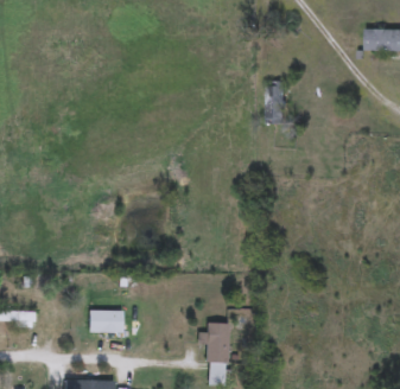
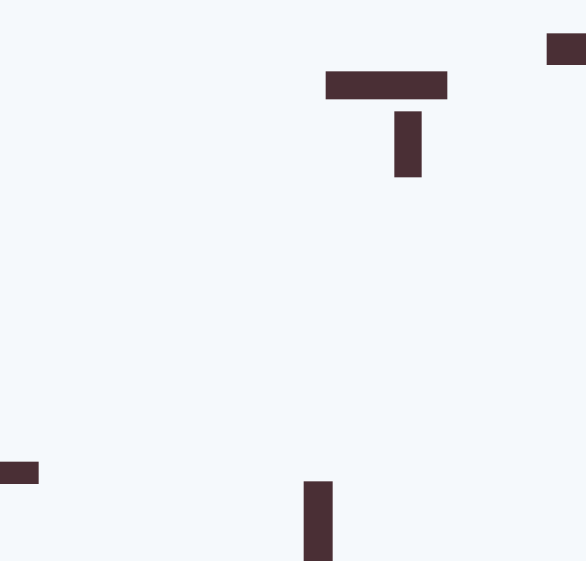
building: none -> [325,70,448,100]
building: [89,311,123,333] -> none

